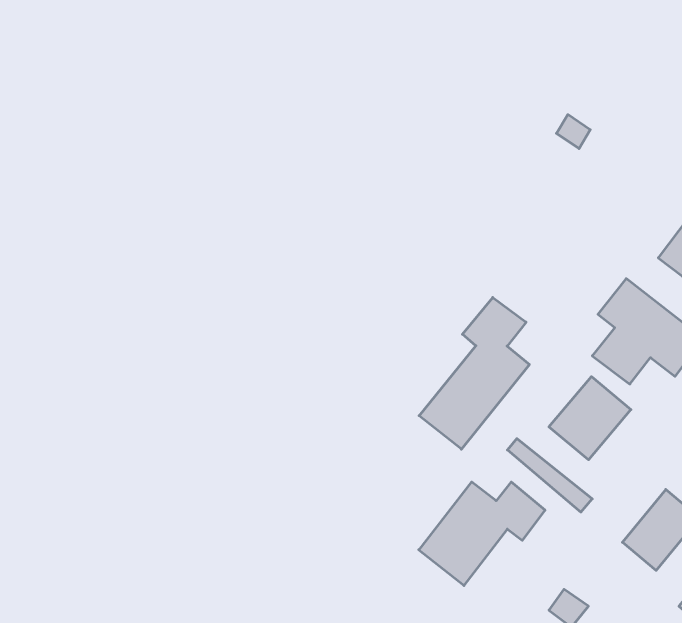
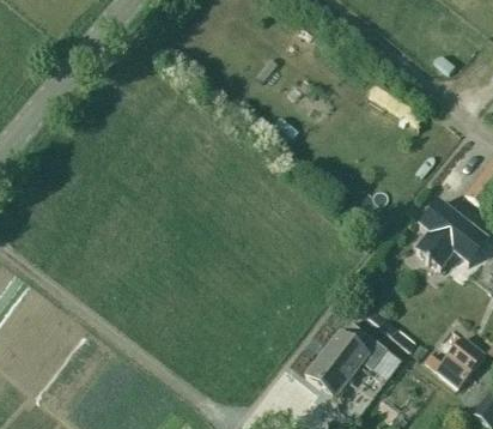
building: [419,297,529,449] -> none
building: [549,377,631,460] -> none

